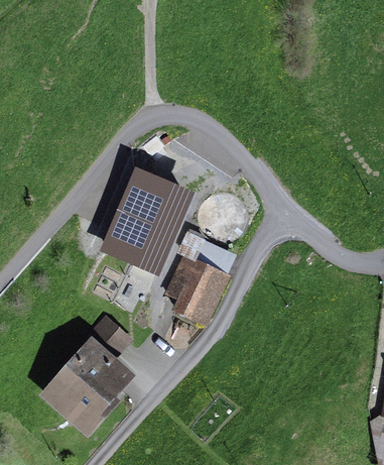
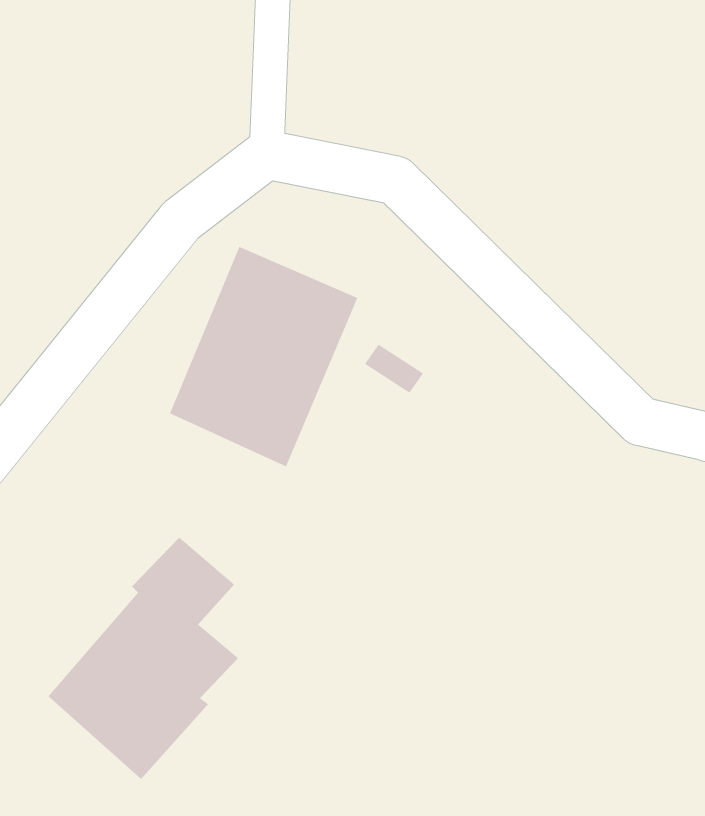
building: [164,239,236,327] -> none

